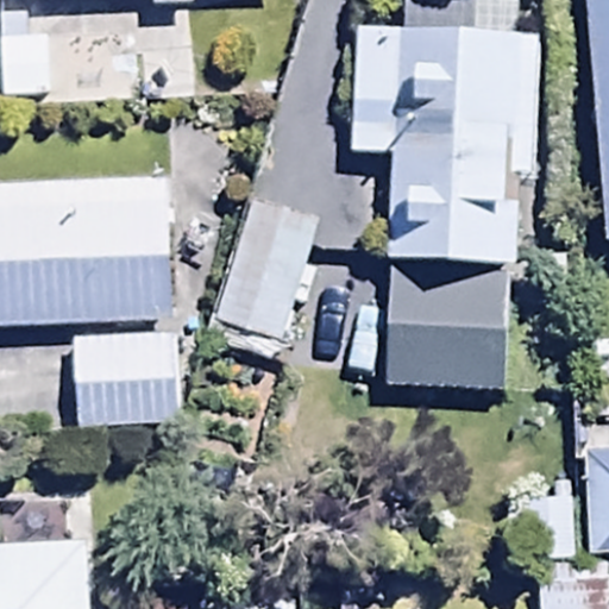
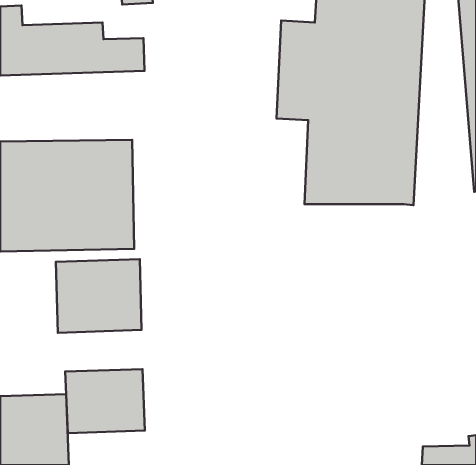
building: [382,260,515,389] -> none
building: none -> [65,369,145,433]

